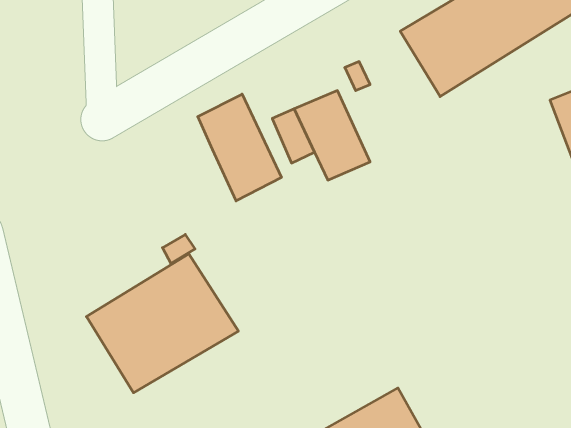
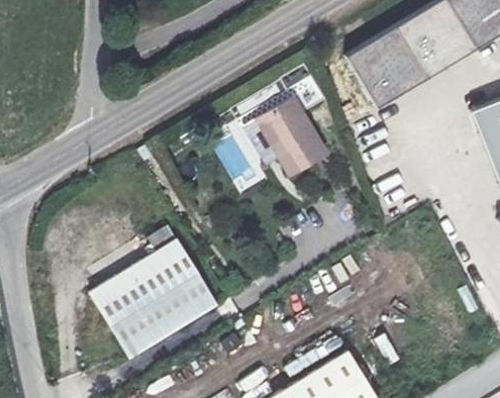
building: [198,94,281,201] -> none

